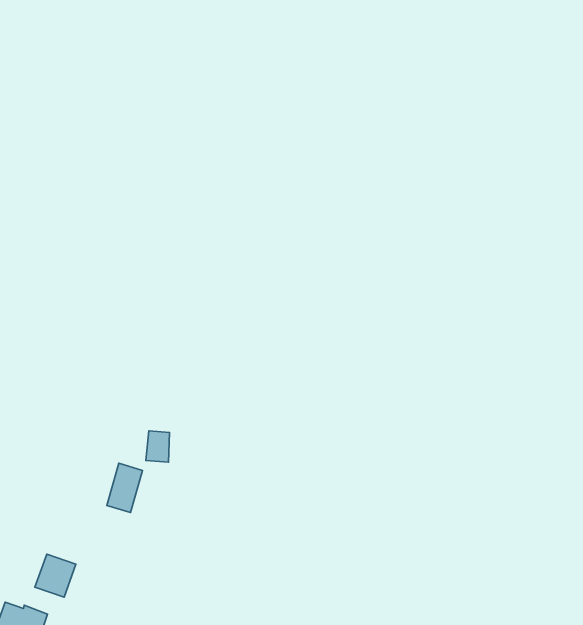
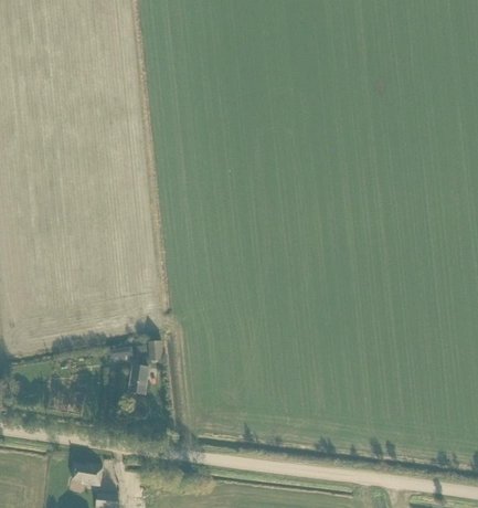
building: [35,554,76,597] -> none

